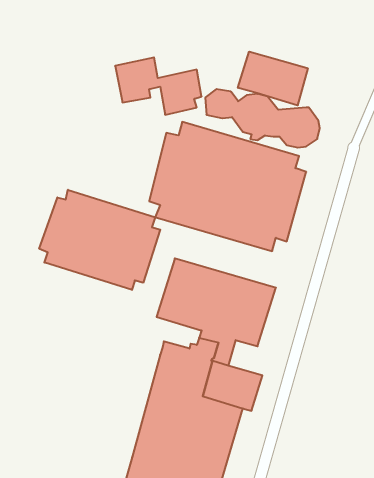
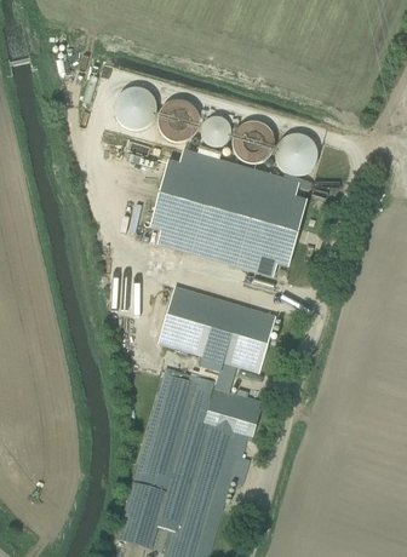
building: [238,52,308,105] -> none
building: [39,190,160,290] -> none

